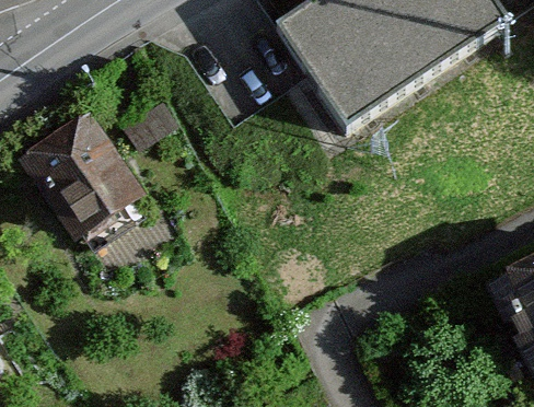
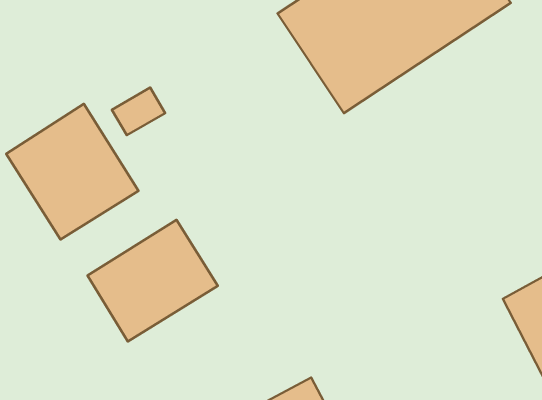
building: none -> [87,220,218,341]

